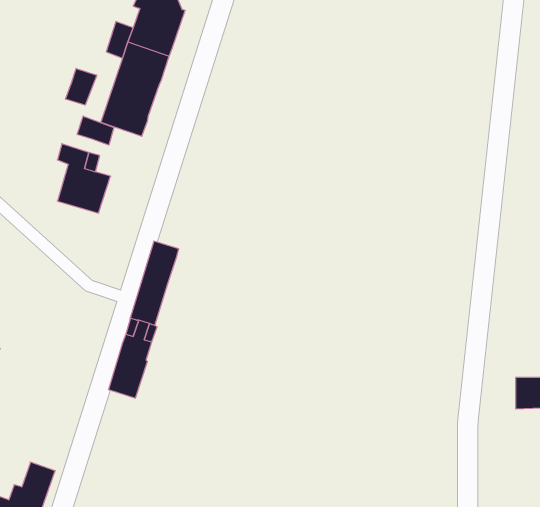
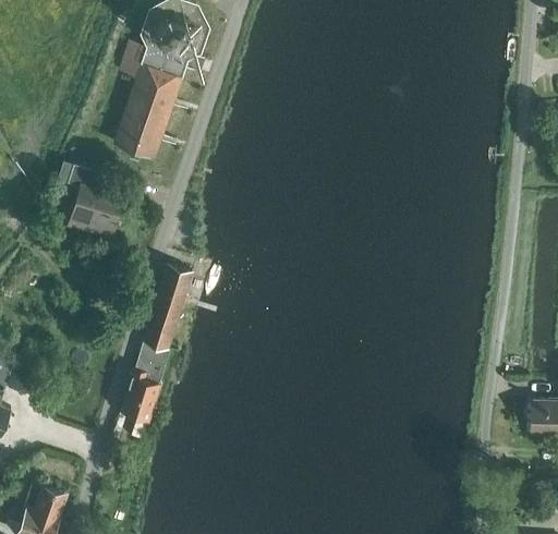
building: [66,68,97,105] -> none
building: [77,116,114,145] -> none

